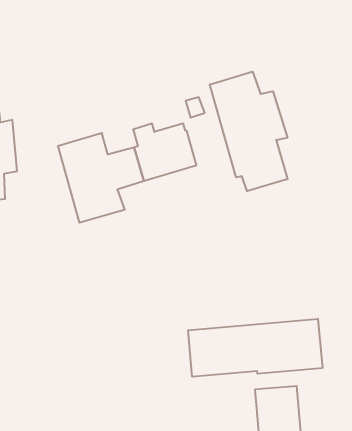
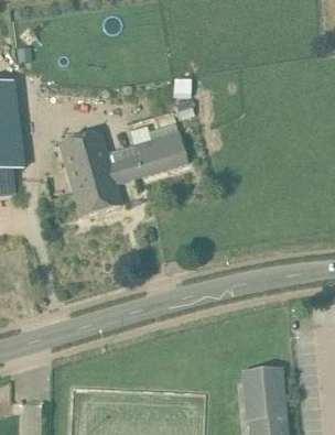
building: [210,72,288,191] -> none
building: [188,319,322,377] -> none

